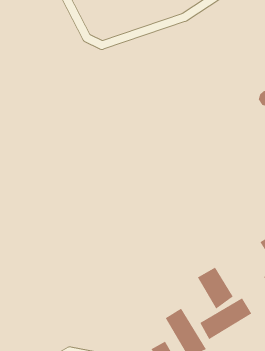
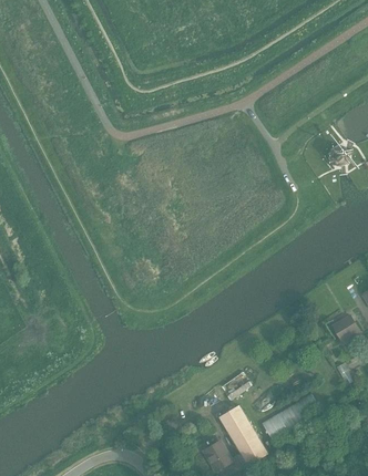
building: [197,267,234,310] -> none

